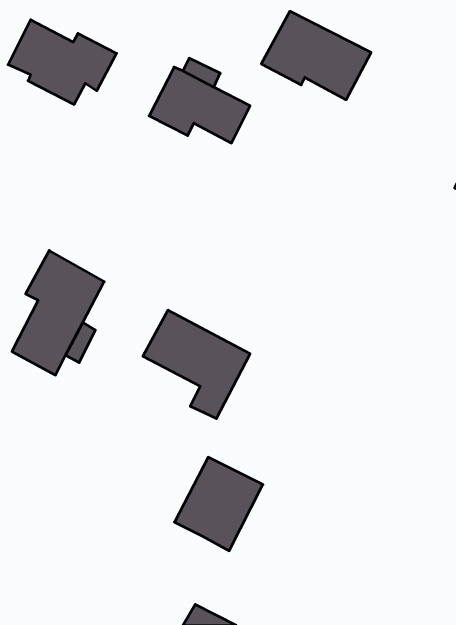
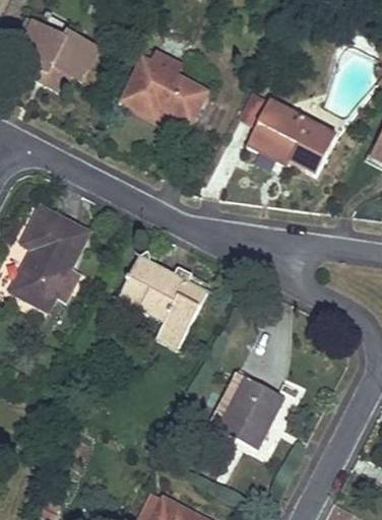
building: [261,11,371,100] -> [247,101,336,173]
building: [174,457,263,551] -> [212,372,284,448]

